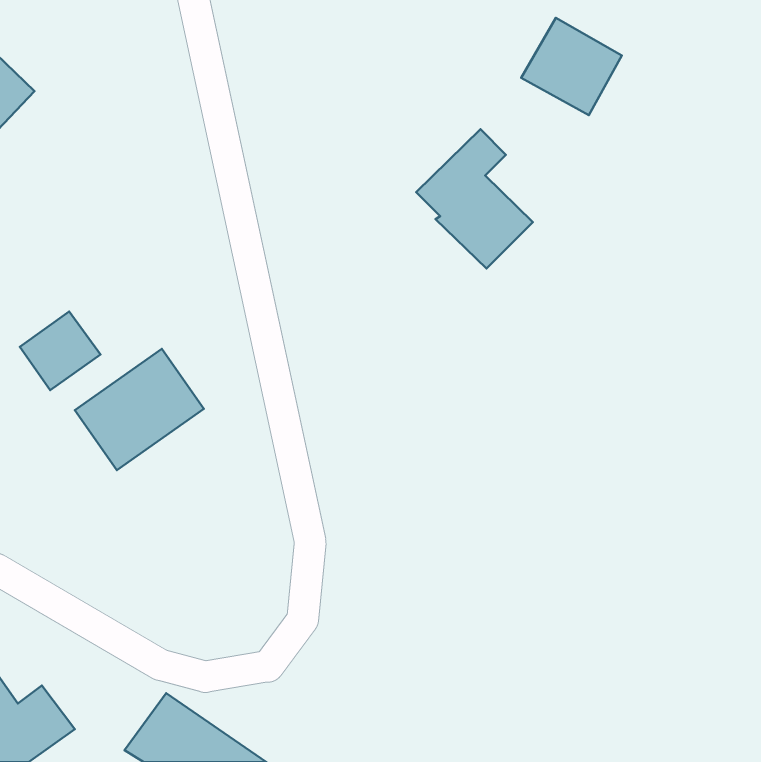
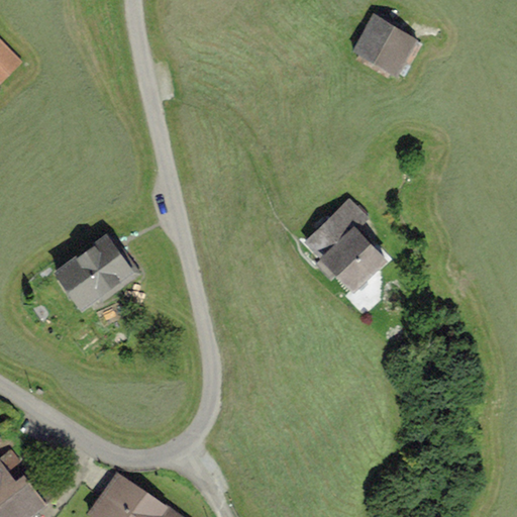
building: [416,129,533,268] -> [302,202,381,296]
building: [20,311,101,390] -> none

